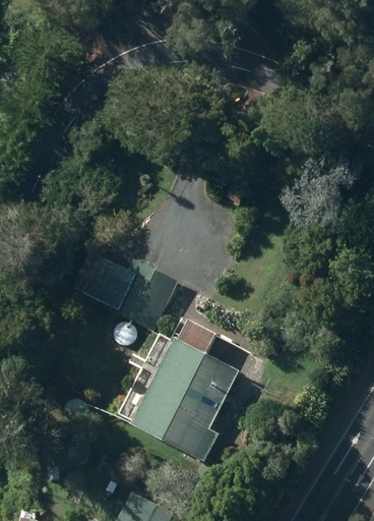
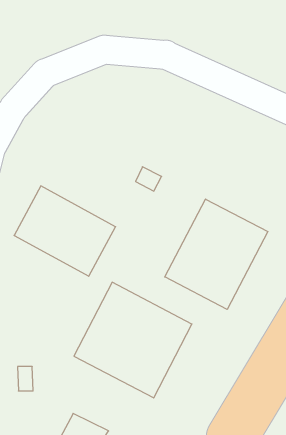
building: none -> [165,199,268,309]

